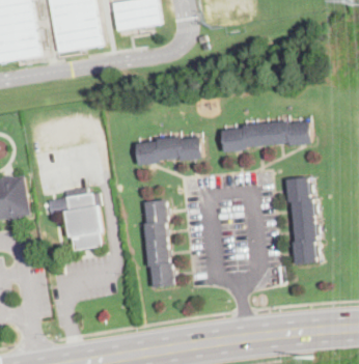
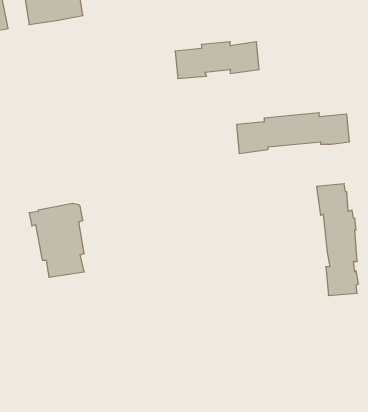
building: [136,136,202,165] -> [175,42,259,79]
building: [142,199,174,286] -> none

